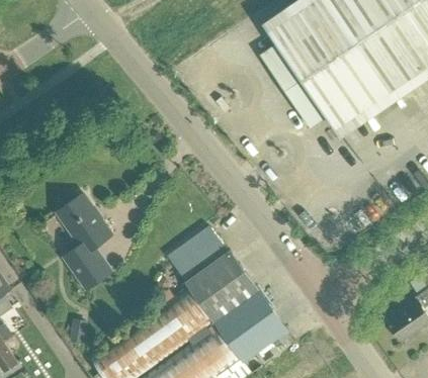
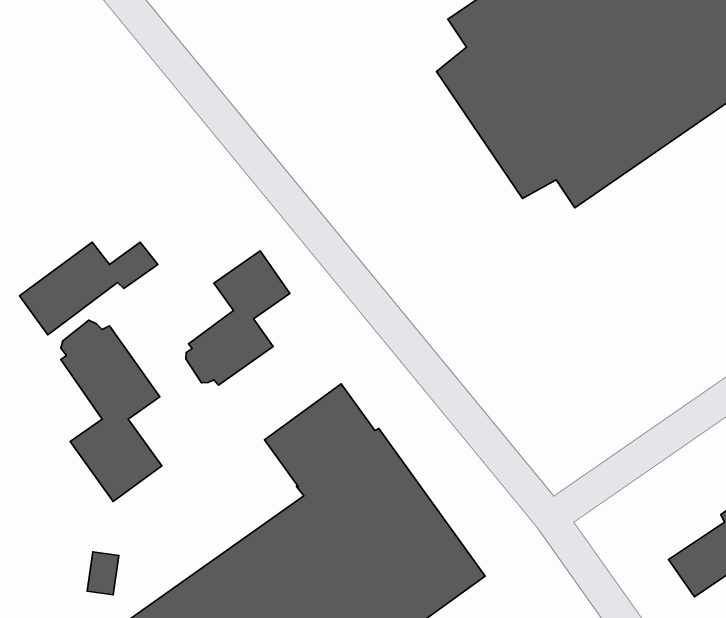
building: none -> [19,242,158,335]
building: none -> [186,251,290,385]

